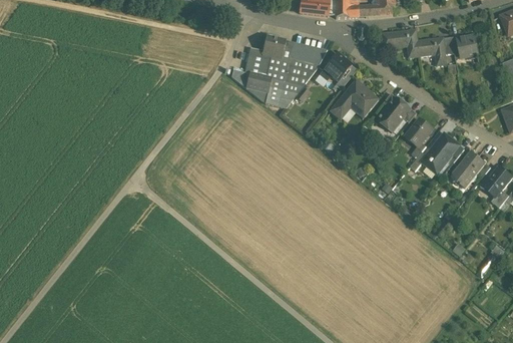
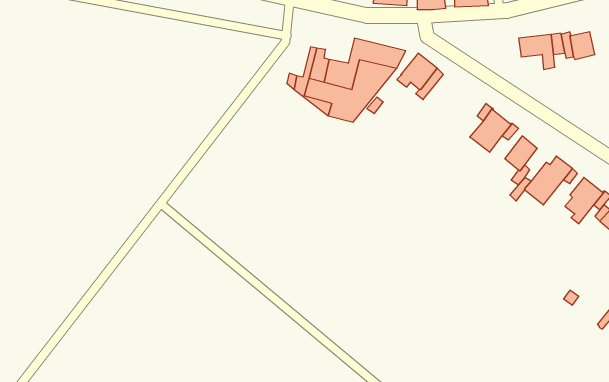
building: [383,29,419,56] -> none
building: [262,35,286,60] -> none
building: [331,79,379,117] -> none

